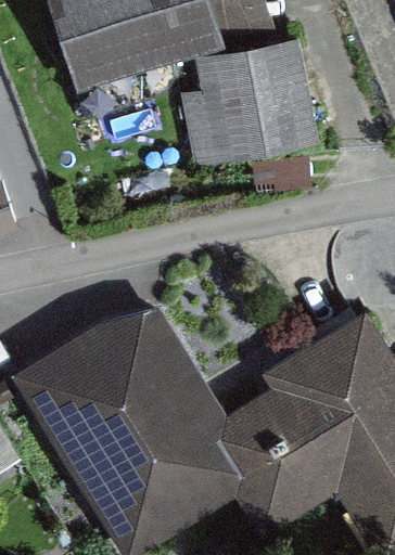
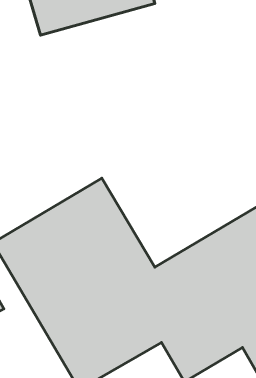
building: [191,51,311,163] -> none

